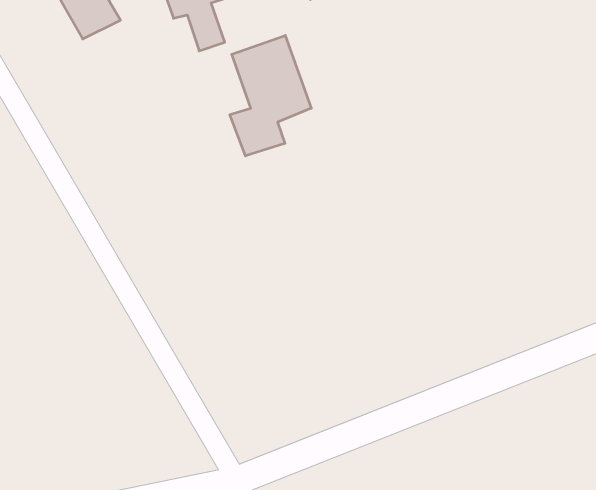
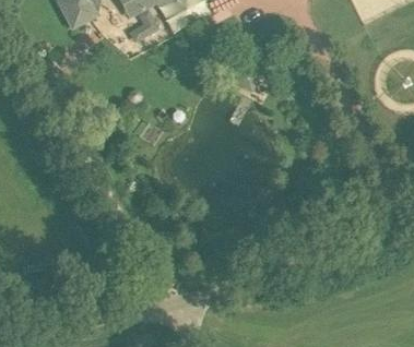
building: [230,35,311,156] -> none

